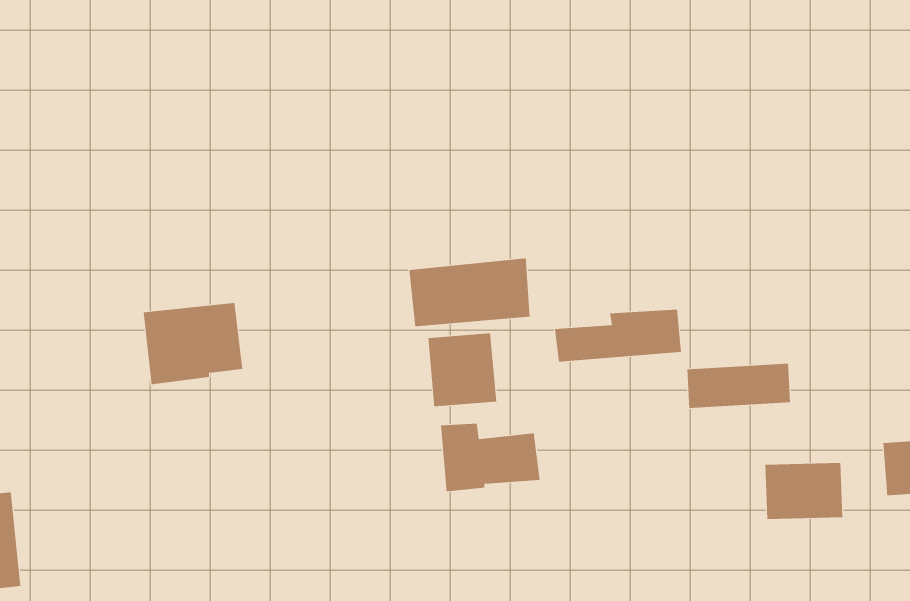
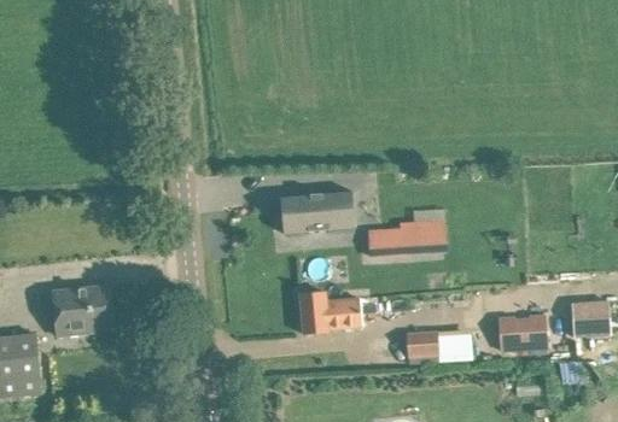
building: [143,302,243,385] -> [52,286,113,336]
building: [428,332,497,407] -> none
building: [687,363,791,408] -> [406,329,470,357]

